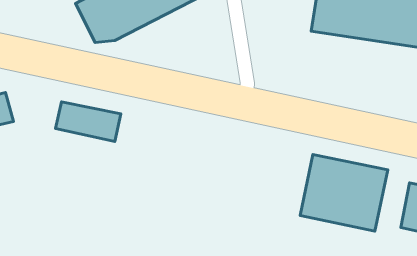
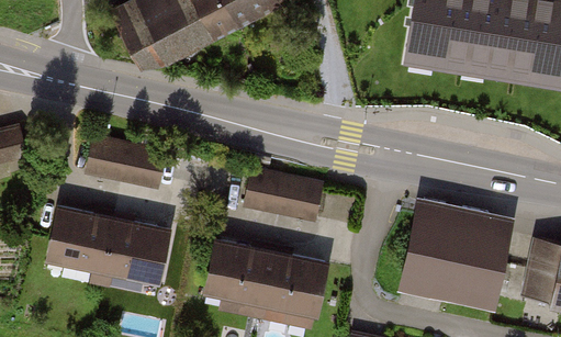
building: none -> [246,171,321,220]
building: none -> [49,209,171,282]
building: none -> [209,243,325,315]

